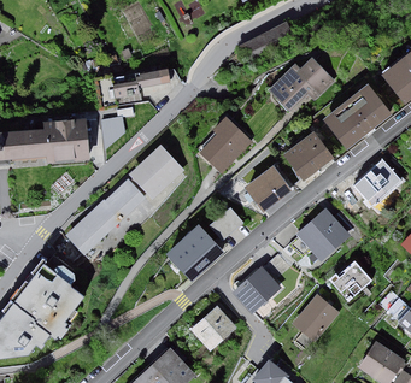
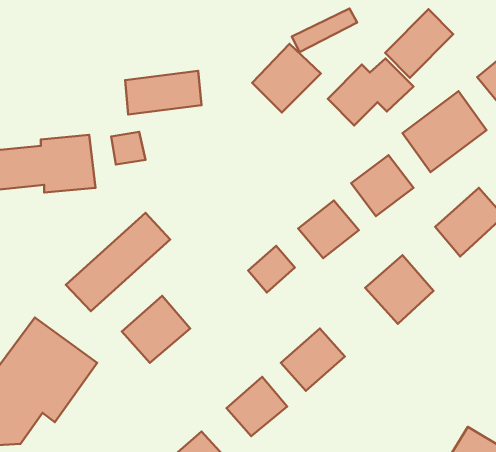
building: none -> [385,9,453,78]
building: [198,119,251,172] -> [252,44,321,112]
building: [128,145,186,200] -> none
building: [165,223,218,275] -> [122,296,190,363]
building: [330,260,374,304] -> none
building: [294,295,337,340] -> none

